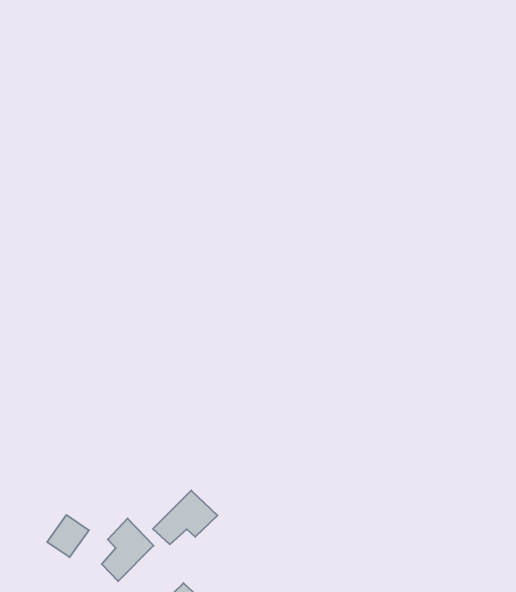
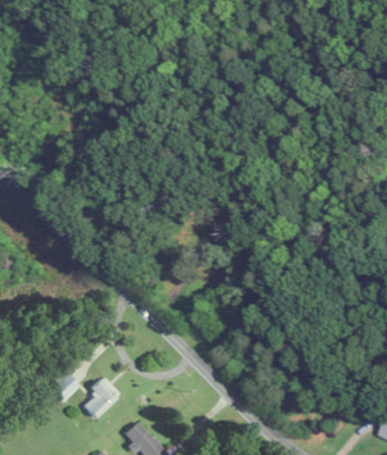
building: [153,490,218,544] -> none

